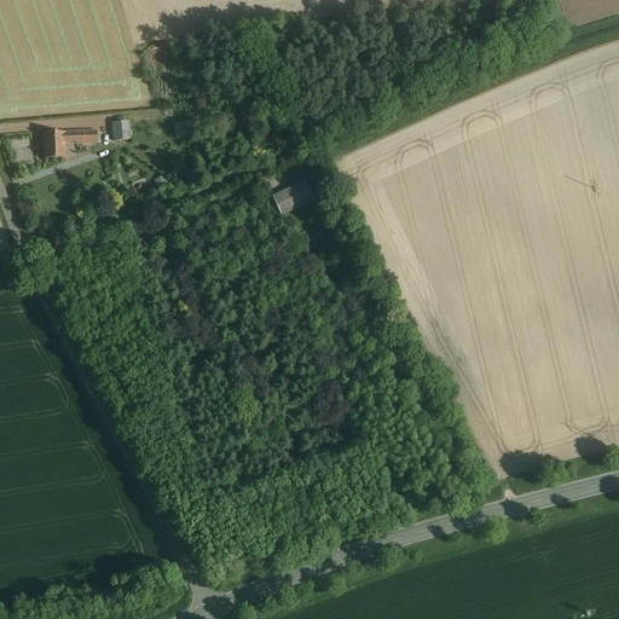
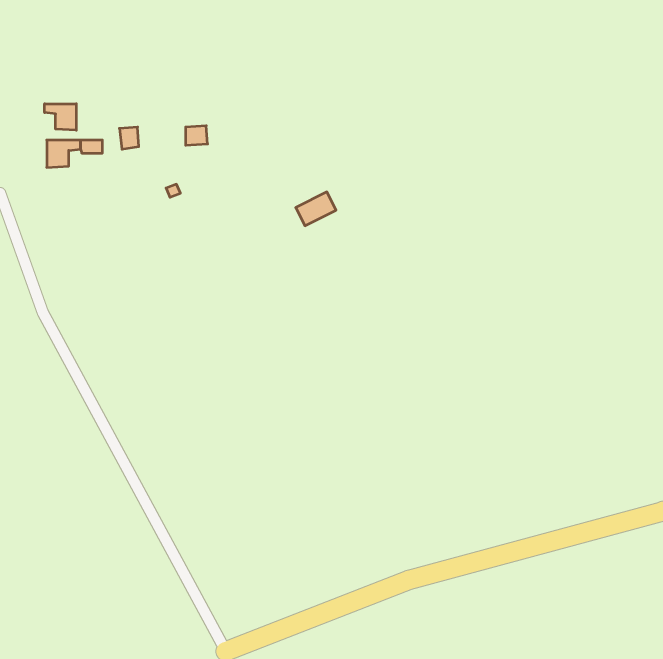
building: none -> [45,104,76,130]

